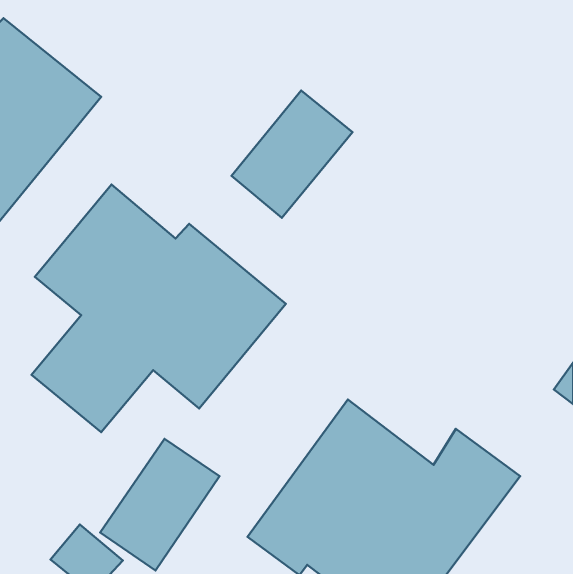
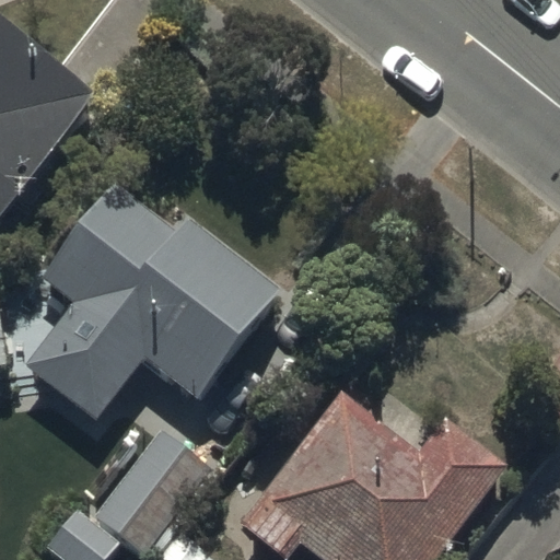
building: [231,91,352,218] -> none

